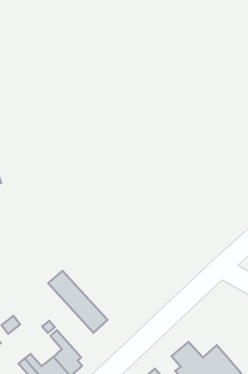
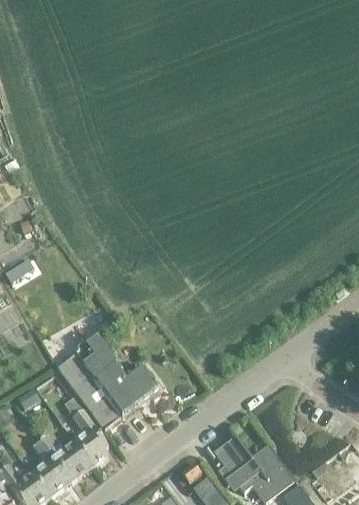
building: none -> [94,337,161,403]
building: none -> [57,353,124,430]

